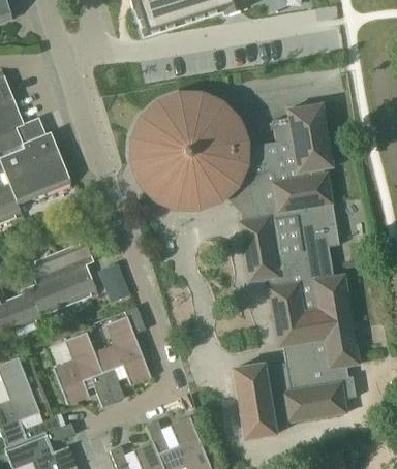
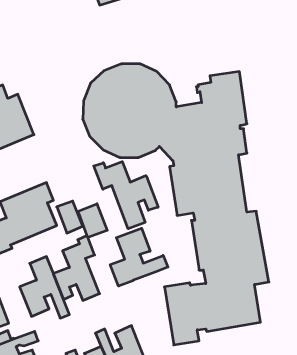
building: none -> [94,162,158,229]
building: none -> [78,204,107,237]
building: none -> [110,228,168,286]

